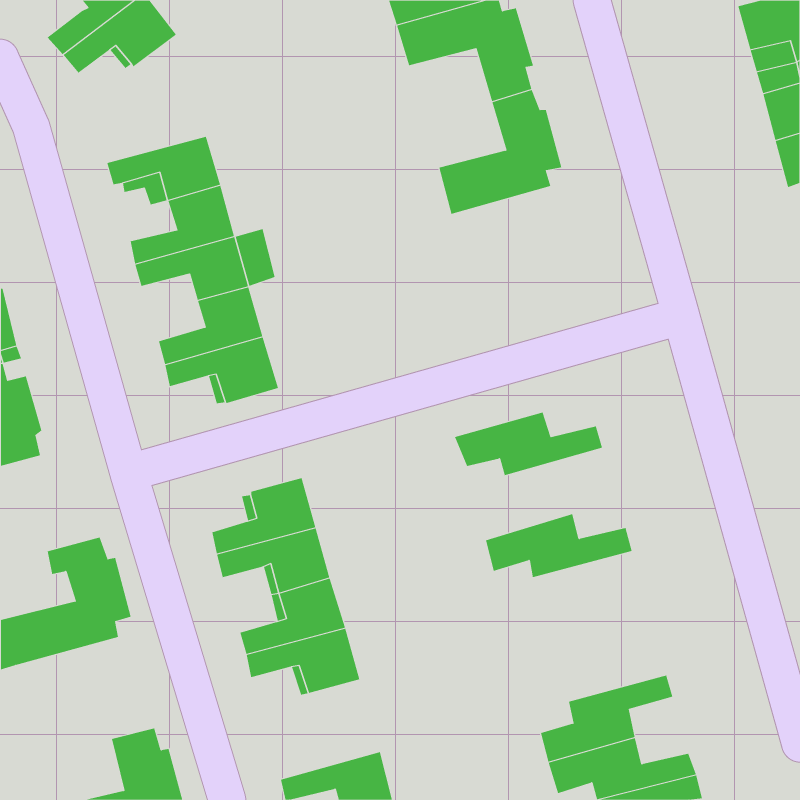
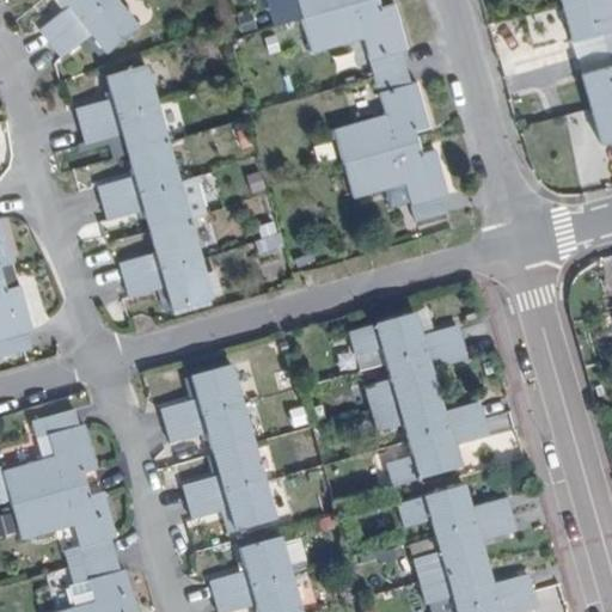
building: none -> [76,65,158,124]
building: none -> [344,142,447,219]
building: none -> [365,342,465,412]
building: none -> [386,421,488,488]
building: none -> [397,485,509,536]
building: none -> [12,486,121,564]
building: none -> [208,534,290,595]

